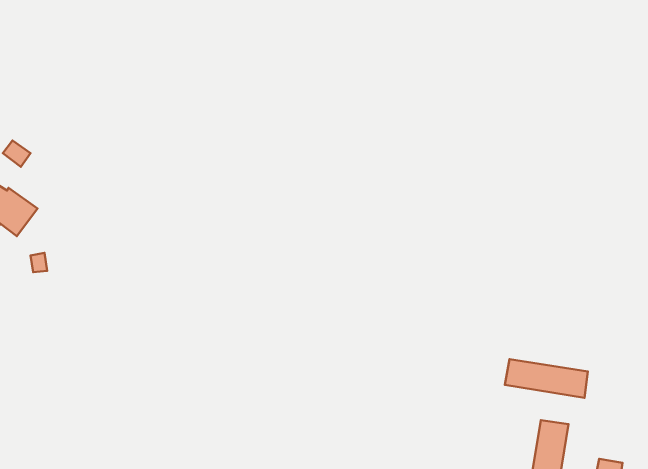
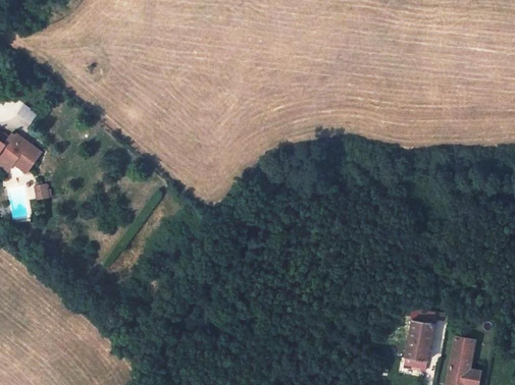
building: [505,359,588,398] -> none

